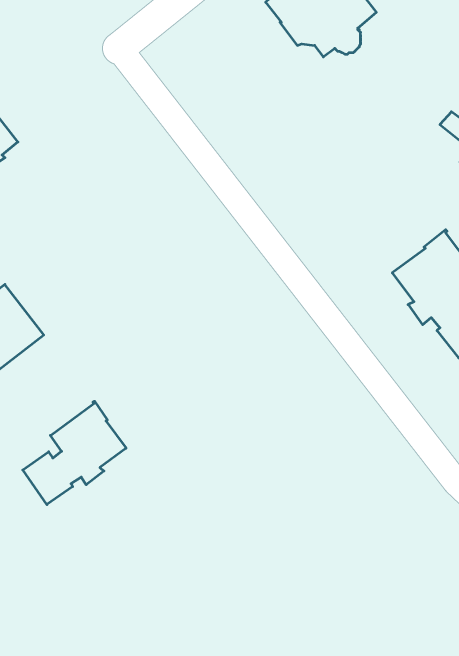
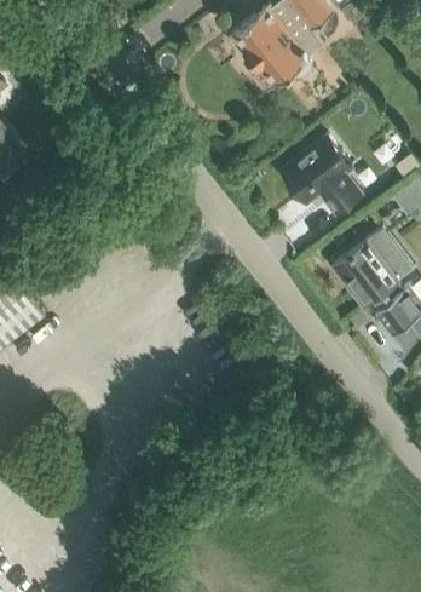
building: none -> [279,137,359,214]
building: [23,401,126,505] -> none

